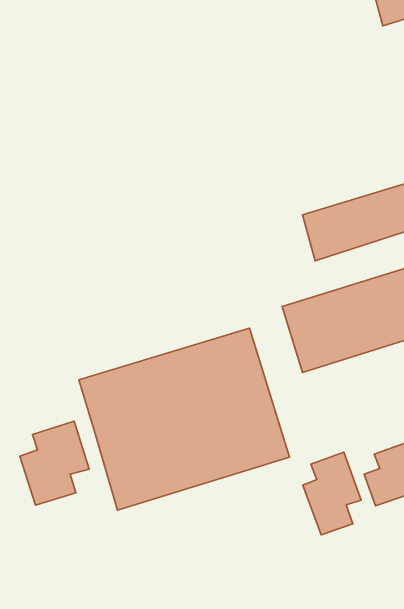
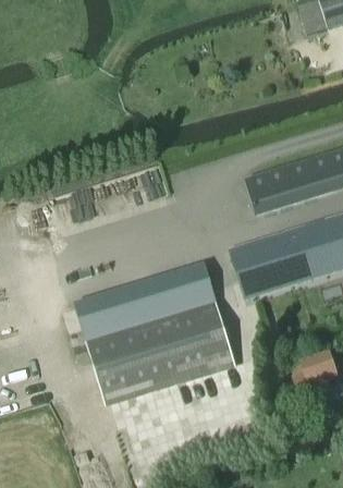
building: [20,421,89,505] -> none
building: [303,452,361,535] -> none

